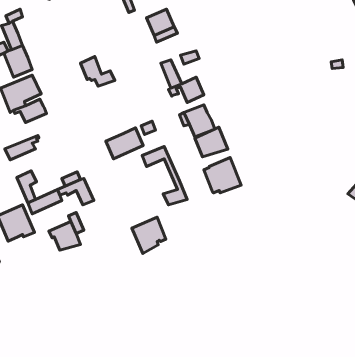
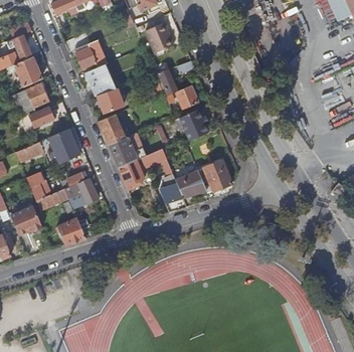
building: none -> [75,39,108,68]
building: none -> [98,87,124,113]
building: none -> [99,114,125,144]
building: none -> [48,129,80,163]
building: [195,127,228,157] -> [176,170,206,197]
building: [132,217,166,253] -> [119,157,150,190]

